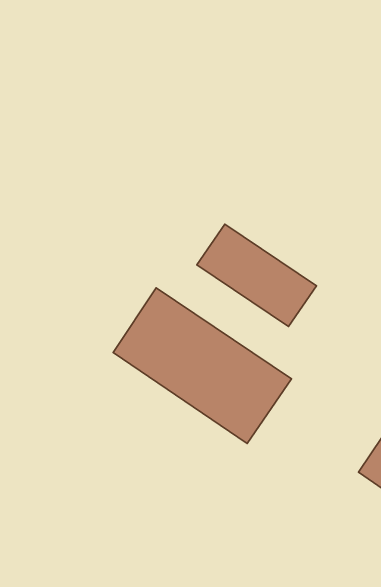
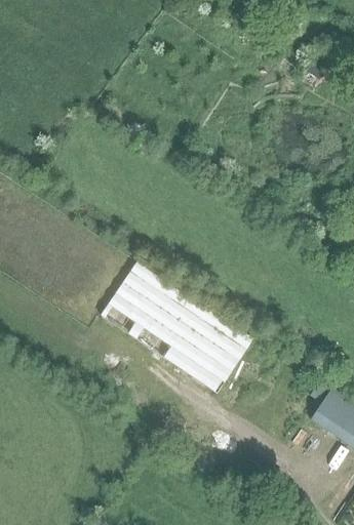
building: [197,224,317,326] -> none

